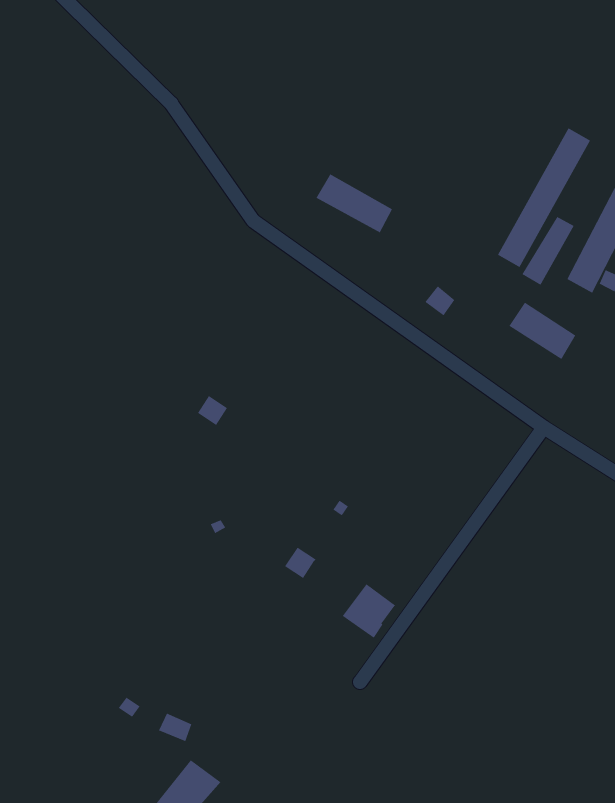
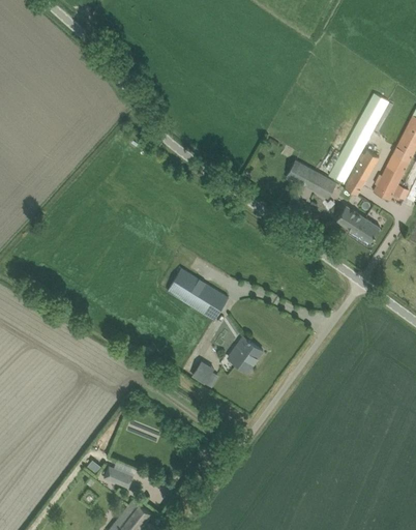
building: [315,174,393,233] -> [287,160,336,199]
building: none -> [168,269,229,321]
building: [342,584,397,638] -> [228,337,263,373]

